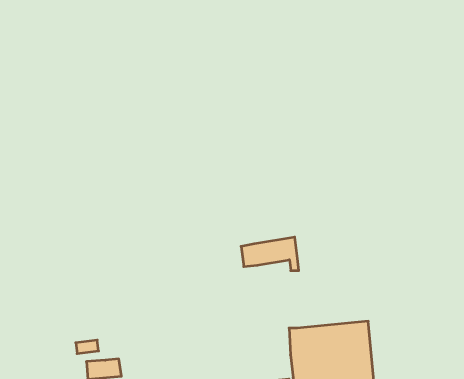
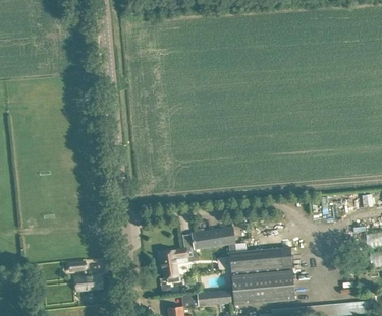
building: [241,237,299,271] -> [190,227,234,252]
building: none -> [157,248,187,282]

